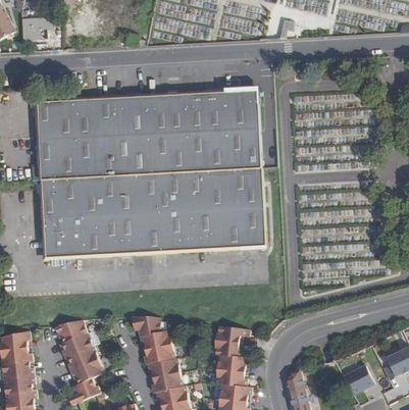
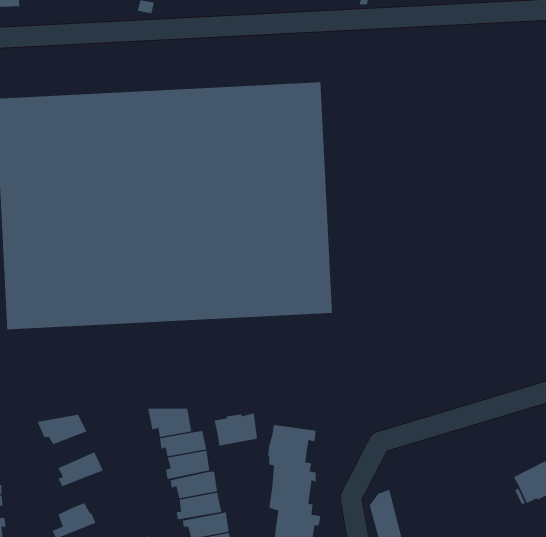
building: none -> [214,413,258,446]
building: [66,329,98,355] -> none
building: [75,356,109,380] -> none
building: [343,364,373,394] -> none

